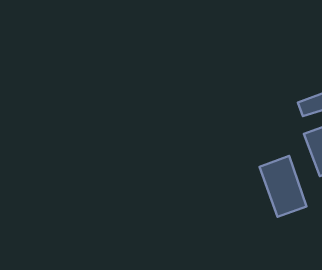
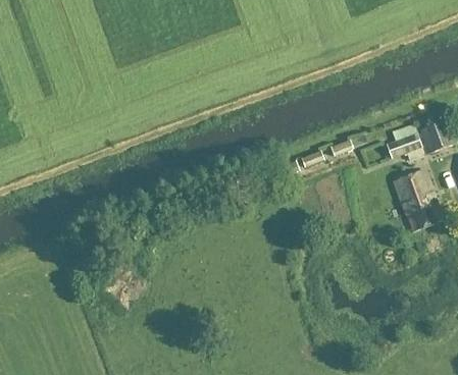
building: [259,156,306,217] -> none

